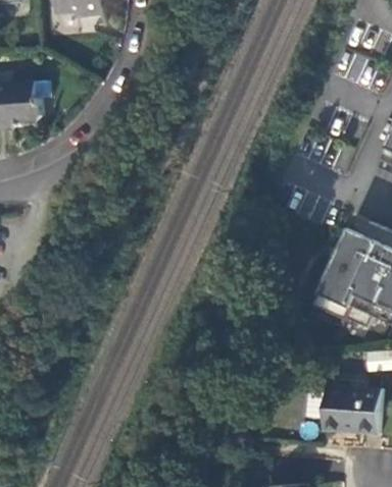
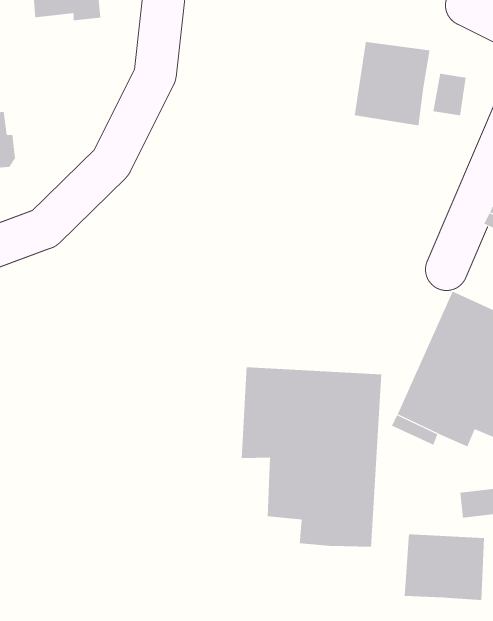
building: none -> [354,41,430,126]
building: none -> [241,366,382,548]

